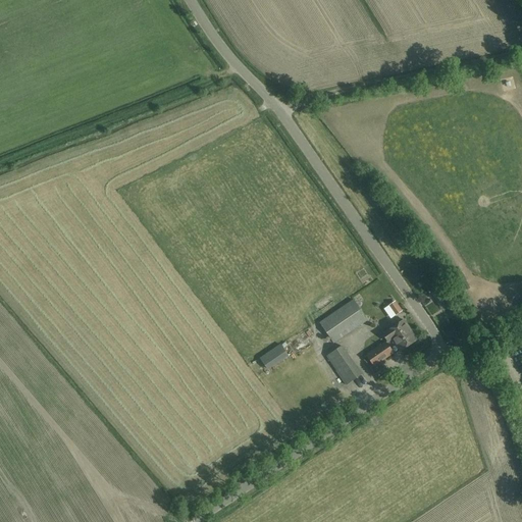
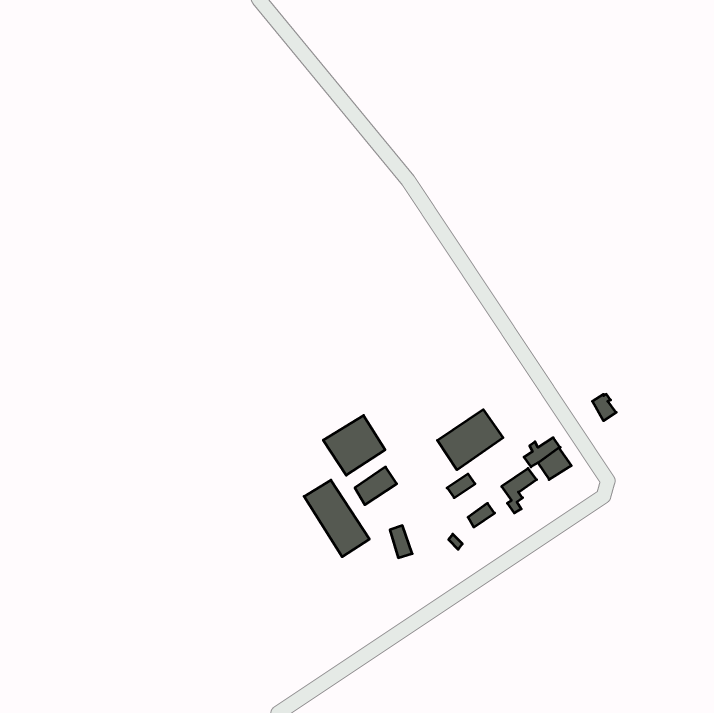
building: none -> [323,415,385,475]
building: none -> [304,480,369,557]

